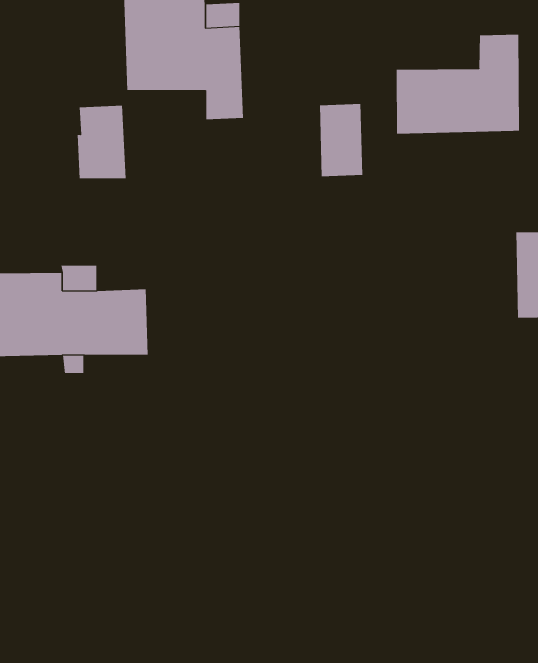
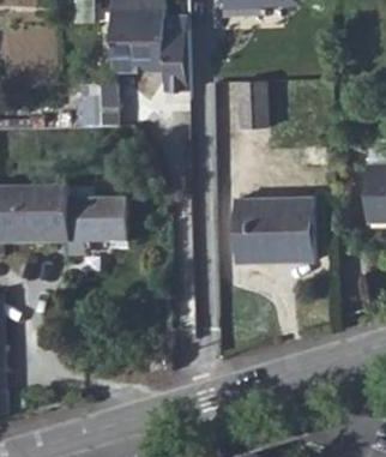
building: [396,34,520,135] -> none
building: none -> [233,196,312,260]

